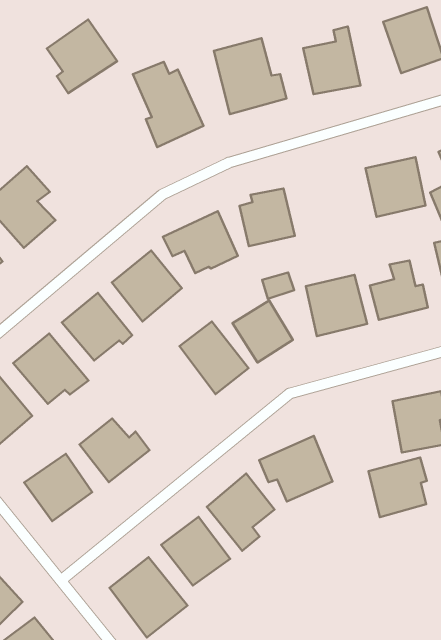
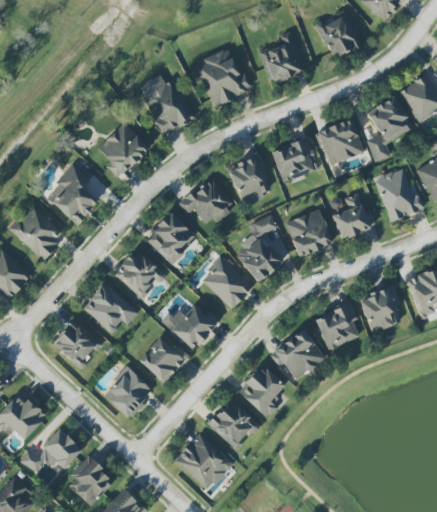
building: [47,19,117,93] -> [97,122,149,177]
building: none -> [271,136,319,182]
building: none -> [163,303,216,350]
building: [368,458,427,517] -> [314,303,359,350]

